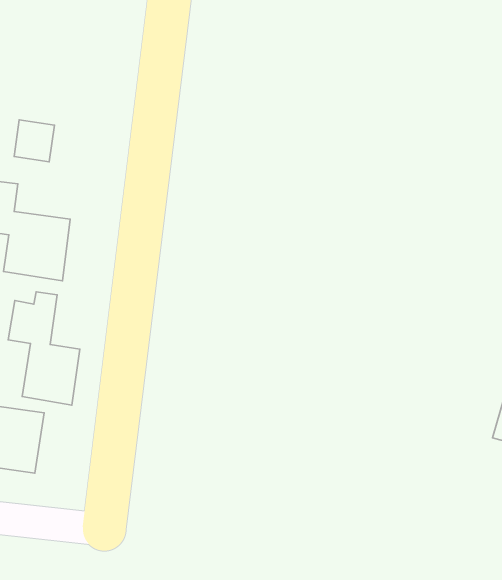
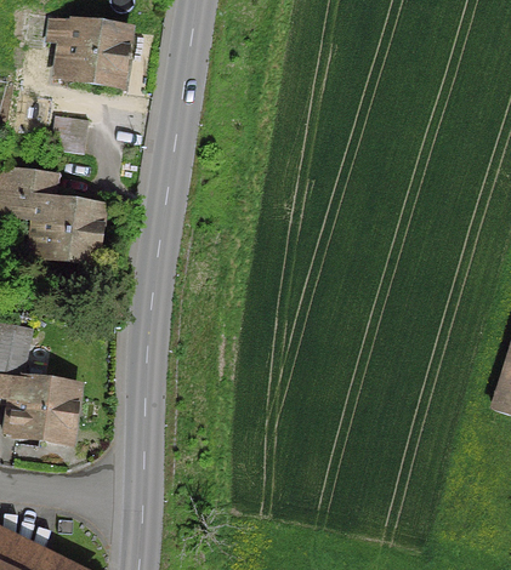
building: none -> [46,16,129,85]
building: [8,292,80,405] -> none

